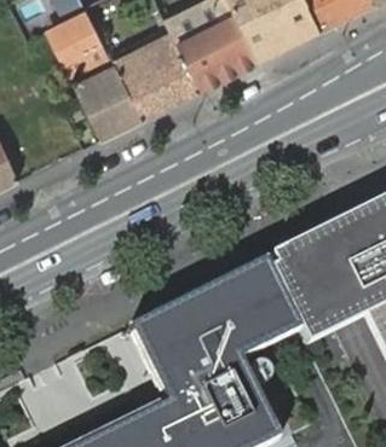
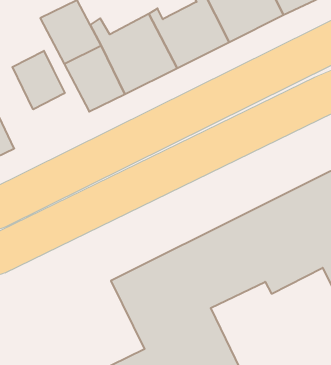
building: none -> [12,51,65,109]

